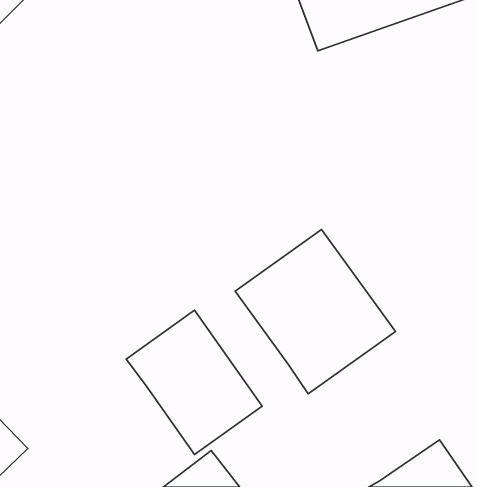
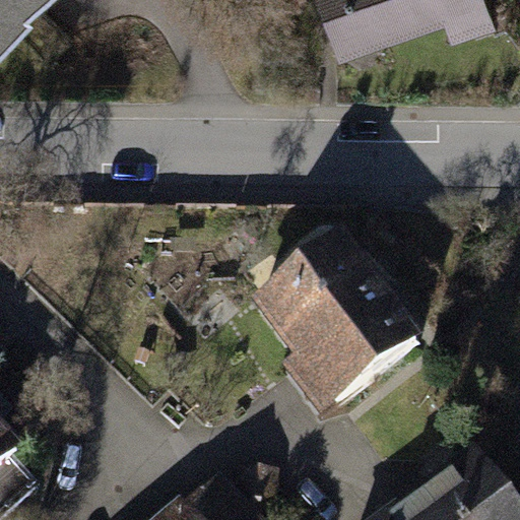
building: [126,310,262,454] -> none

